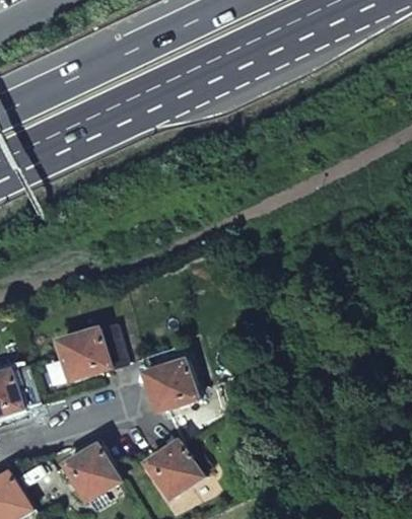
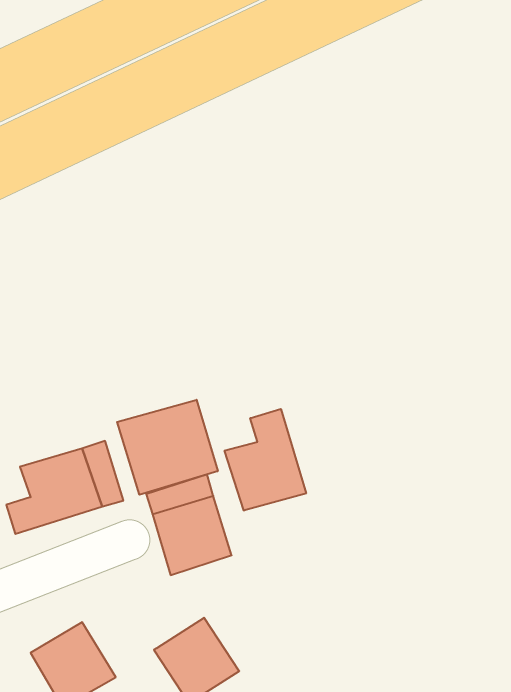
building: none -> [117,400,218,495]
building: none -> [225,409,306,511]

